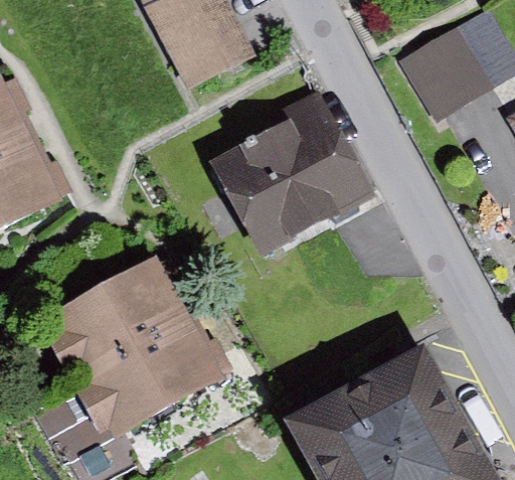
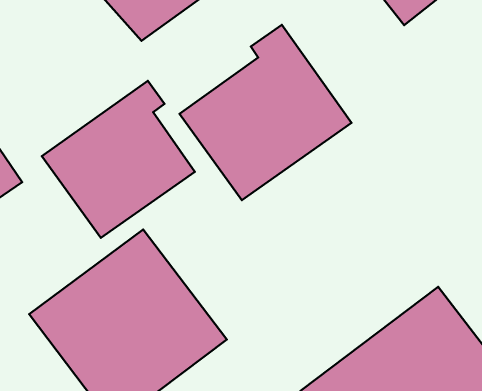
building: none -> [42,81,195,238]

